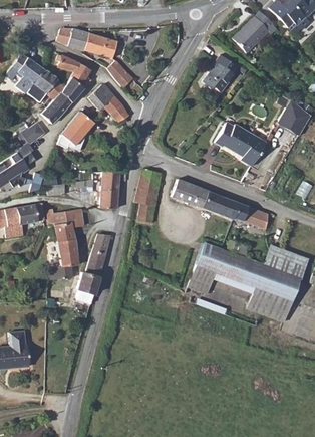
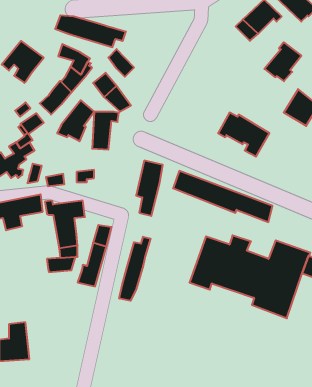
building: [201,54,237,92] -> [264,42,301,81]
building: [26,68,64,102] -> none
building: [100,171,126,208] -> [92,112,119,150]
building: none -> [119,237,151,301]

